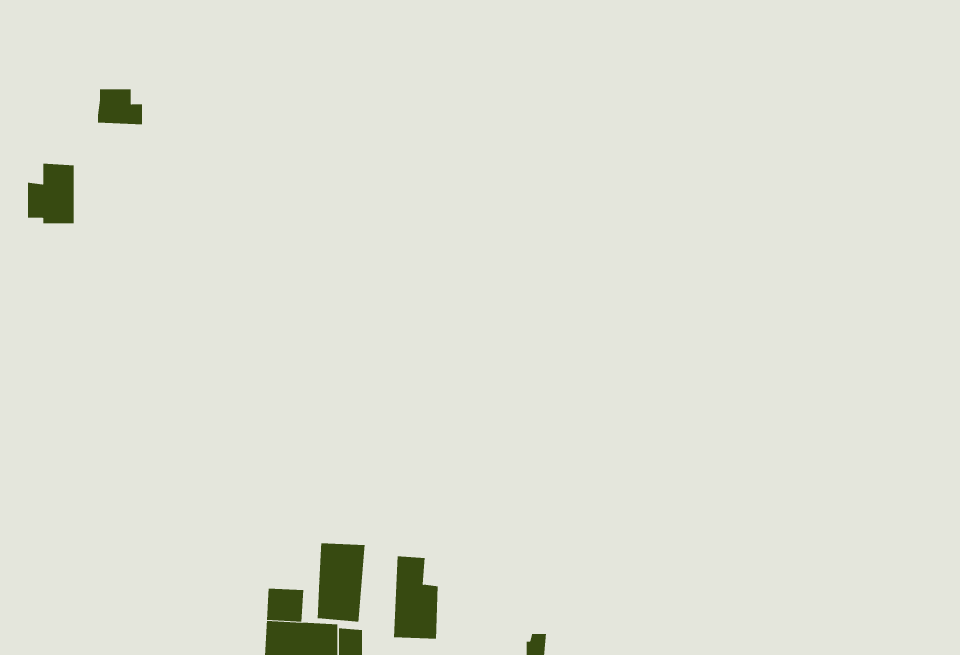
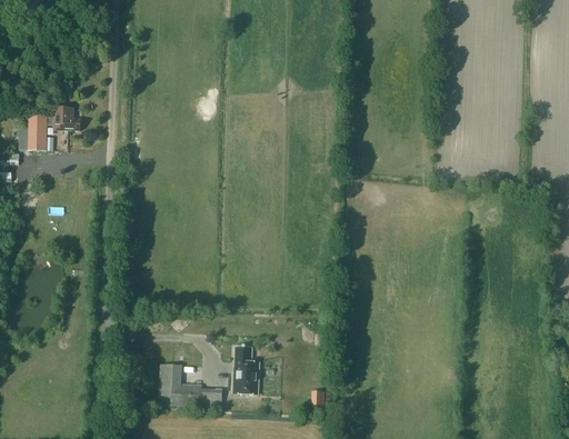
building: [97,89,143,125] -> [53,108,80,129]
building: [317,543,365,623] -> none

